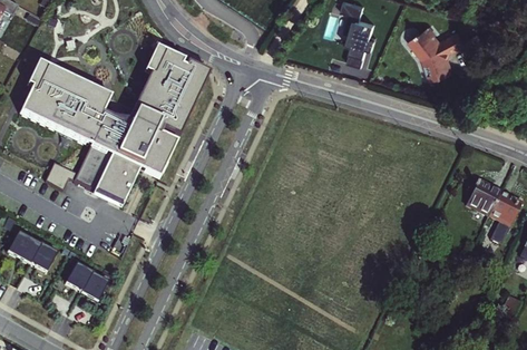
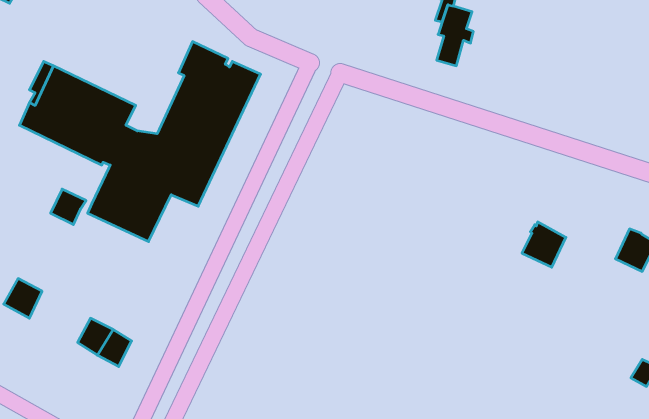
building: [409,22,468,80] -> none
building: [463,182,498,217] -> [522,222,566,267]
building: [27,243,56,274] -> none

